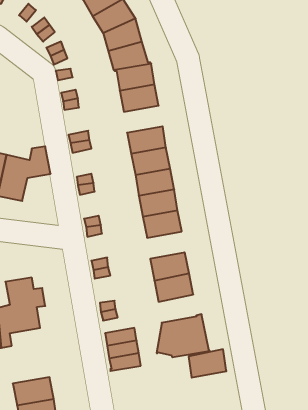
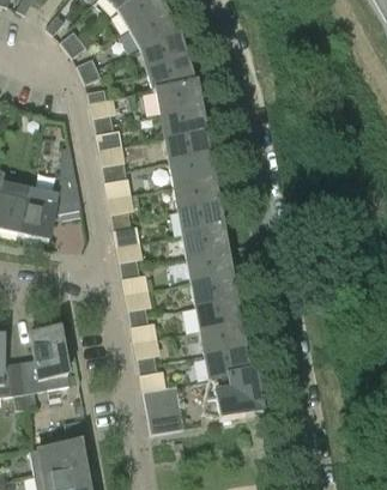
building: none -> [165,129,210,161]
building: none -> [192,273,235,304]
building: [189,349,226,378] -> [205,345,248,377]

